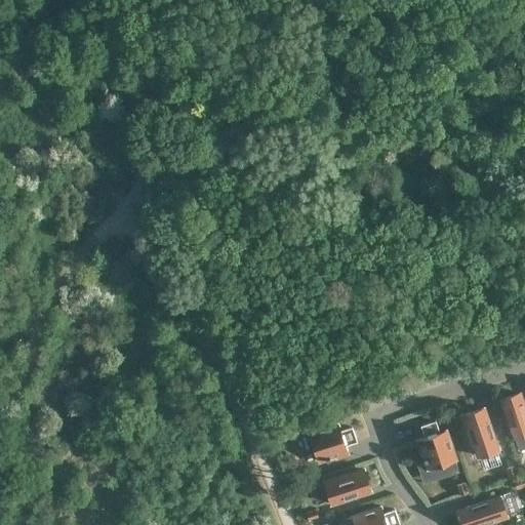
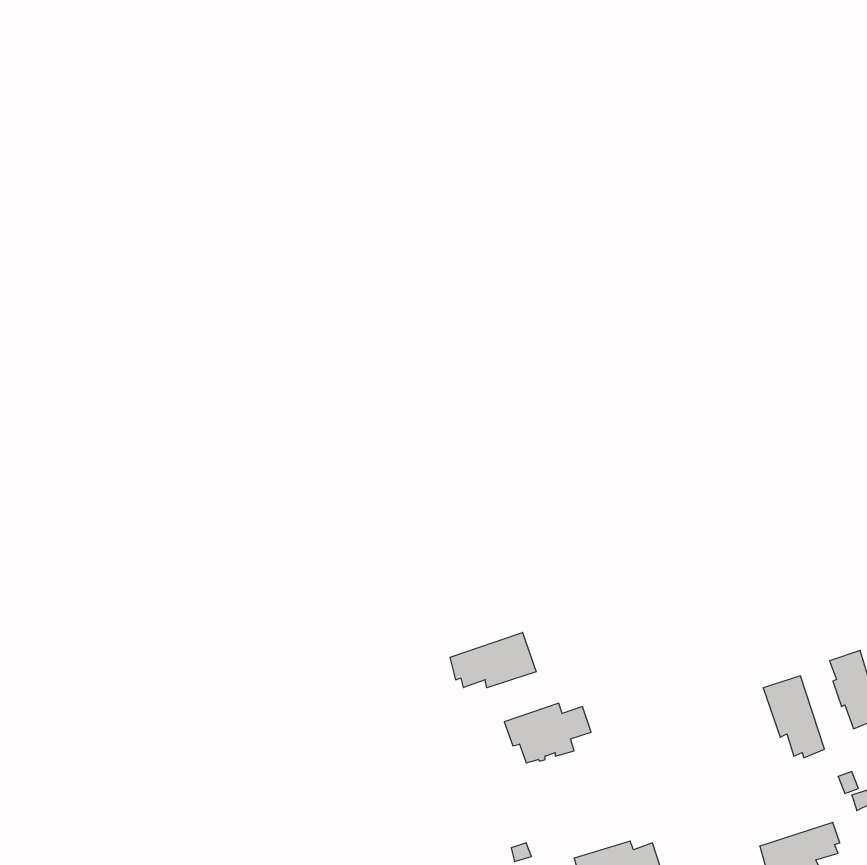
building: none -> [450,632,536,688]
building: [418,422,457,471] -> none
building: [325,471,371,504] -> none

